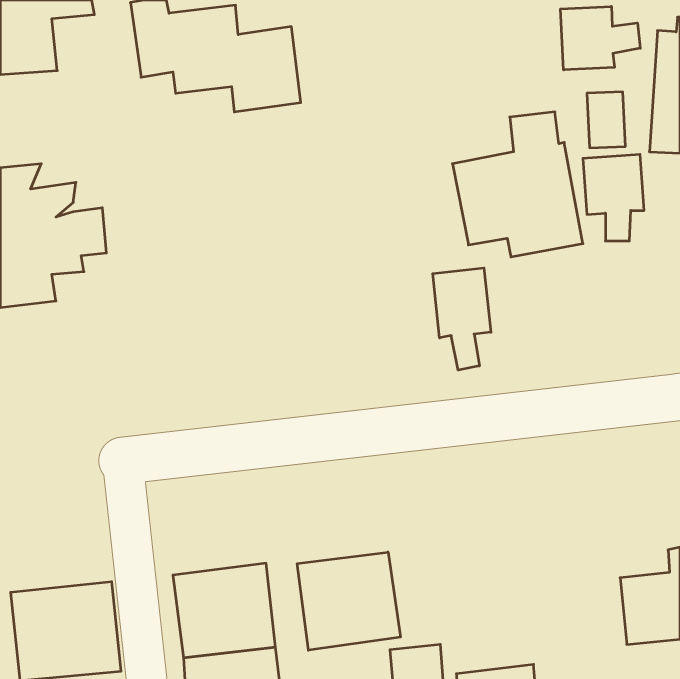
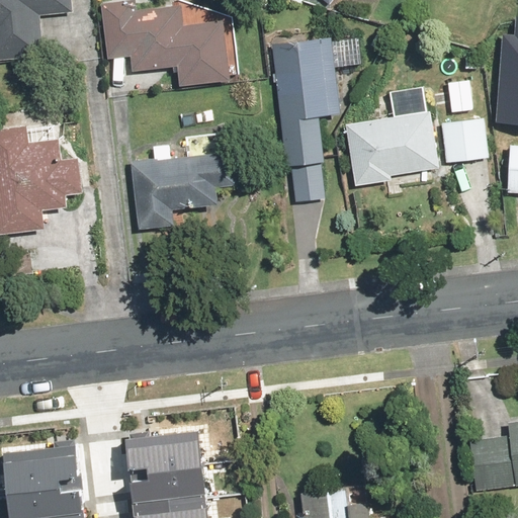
building: [561,6,640,70] -> none
building: none -> [272,37,341,205]
building: none -> [130,152,235,231]
building: [433,268,491,370] -> none
building: [297,552,400,650] -> none

